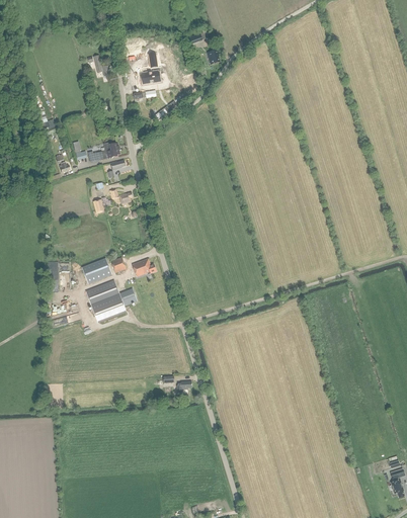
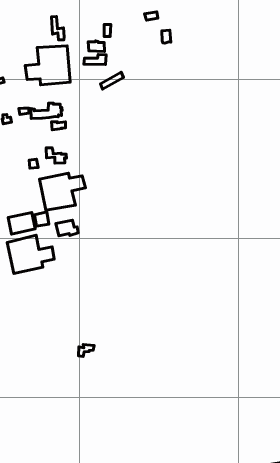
building: none -> [25,46,70,85]
building: none -> [40,173,85,210]

